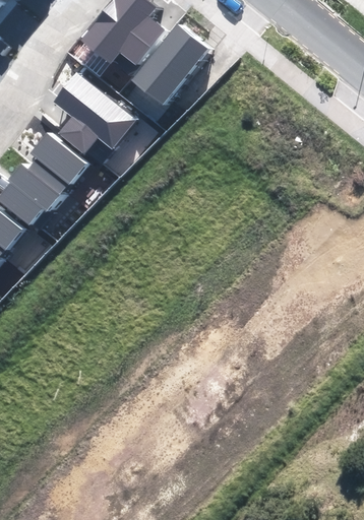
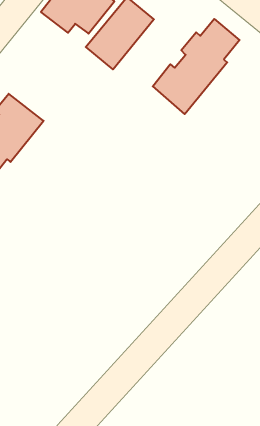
building: none -> [153,19,240,114]
building: [54,72,137,154] -> none

